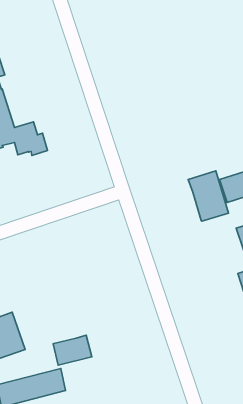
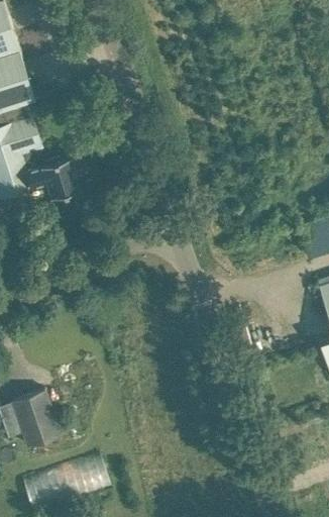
building: [188,171,229,221] -> none
building: [53,335,92,365] -> none

